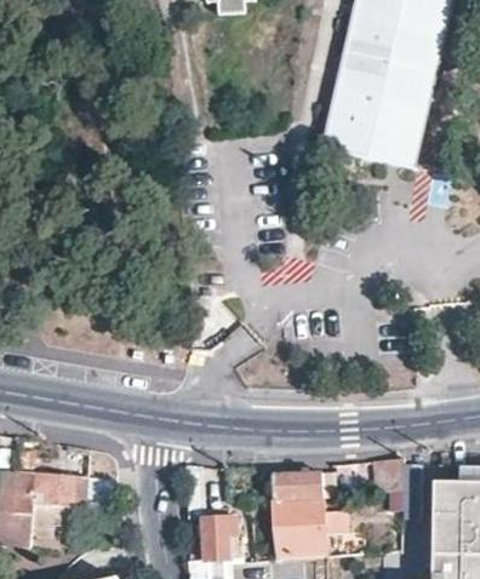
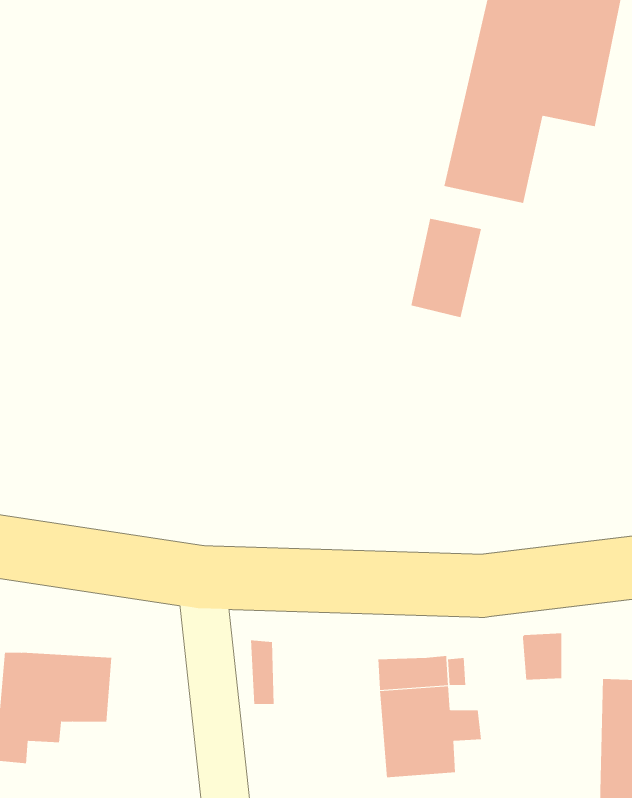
building: [377,98,427,167] -> [410,218,482,318]
building: [205,516,238,561] -> none

